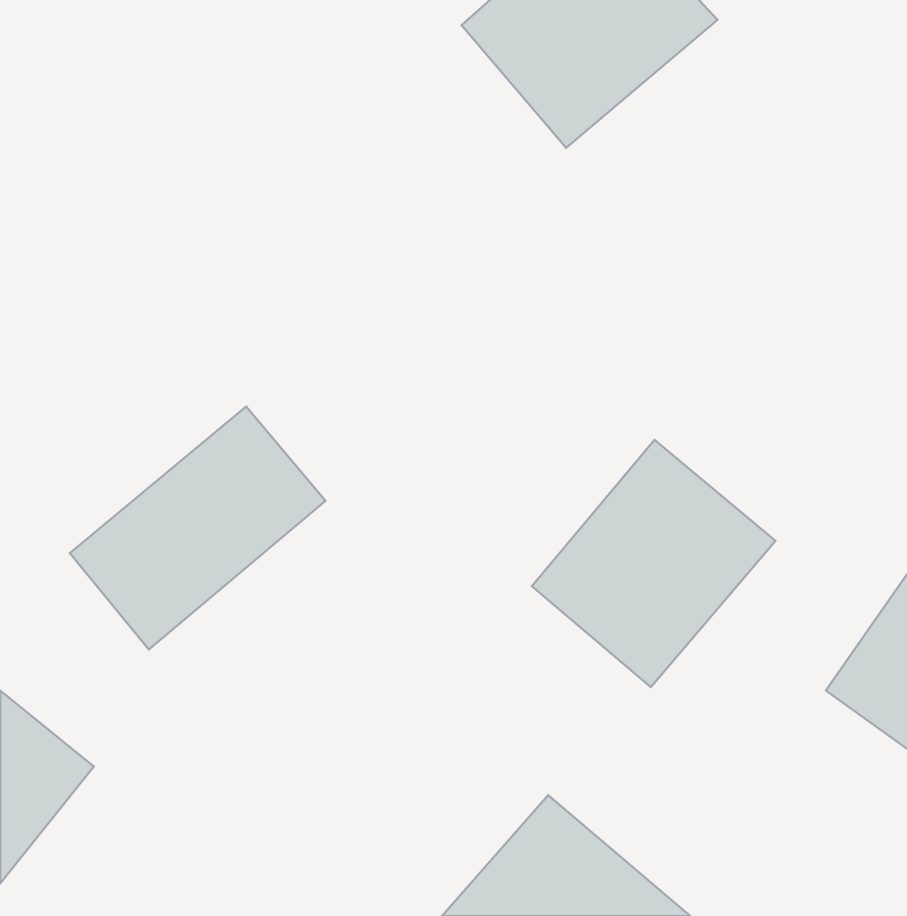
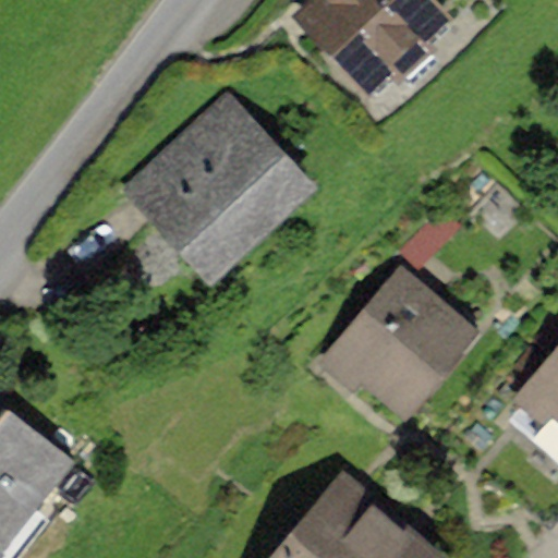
building: none -> [126,99,313,281]
building: [70,406,325,649] -> none

